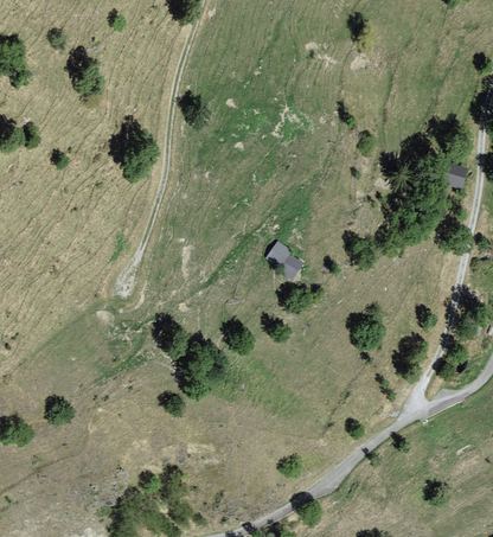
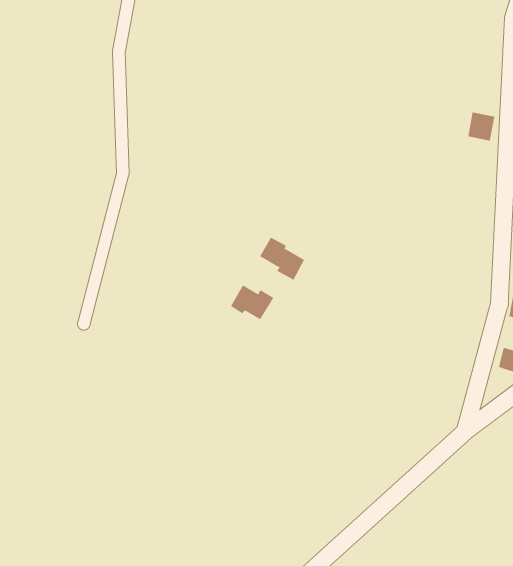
building: none -> [230,284,274,320]

